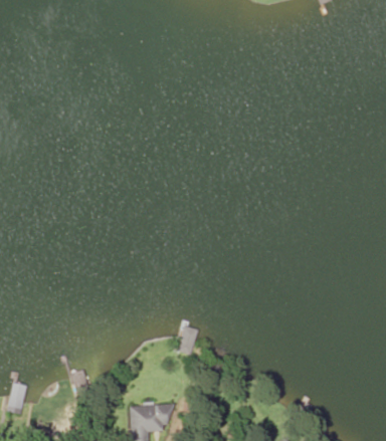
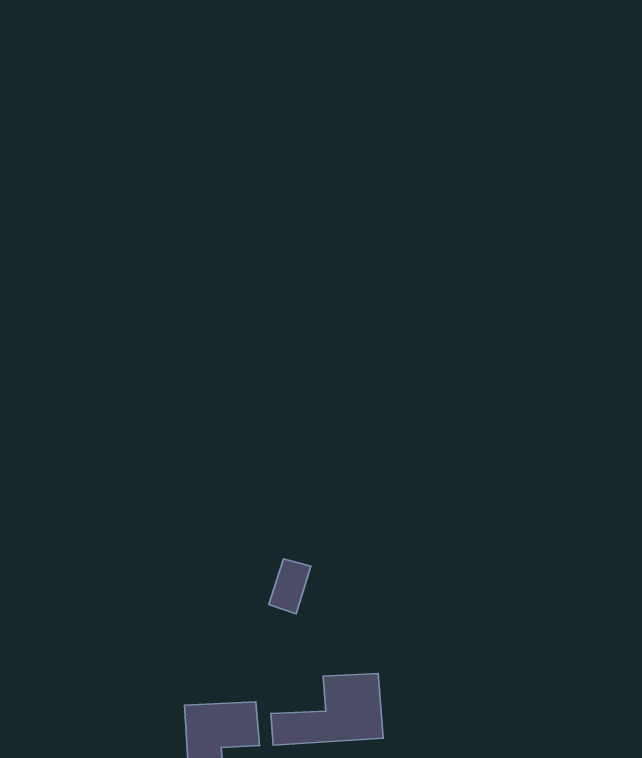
building: none -> [271,674,383,745]

